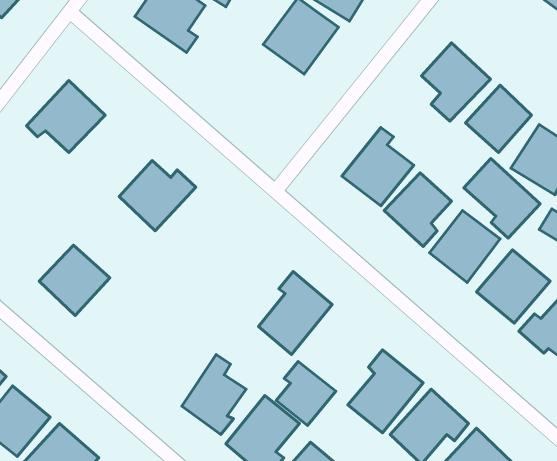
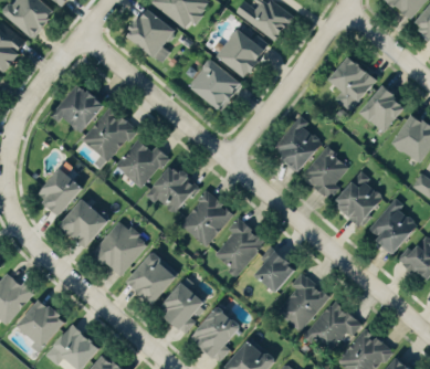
building: none -> [188,60,241,112]
building: none -> [81,107,134,162]
building: [464,158,540,238] -> none
building: none -> [146,165,197,215]
building: none -> [35,168,82,215]
building: none -> [178,192,232,247]
building: none -> [91,220,147,277]
building: none -> [124,252,178,306]
building: [276,361,336,426] -> [253,247,295,293]

